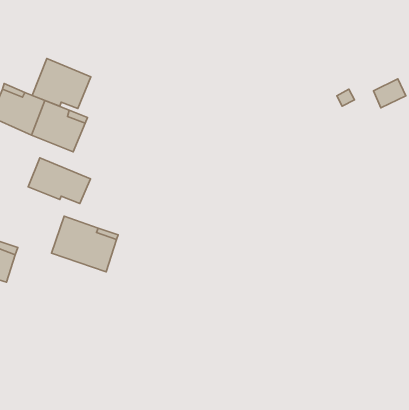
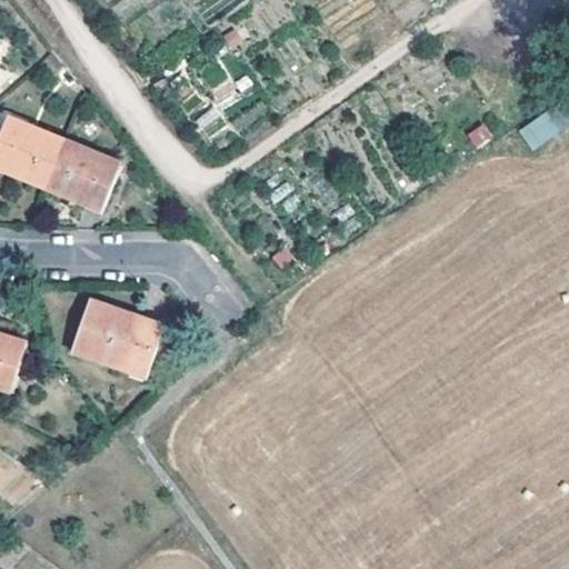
building: [32,59,91,108] -> none
building: [28,158,91,204] -> none

